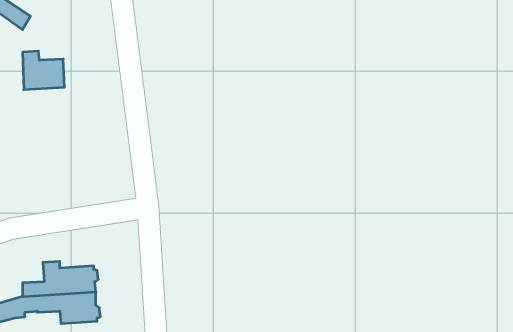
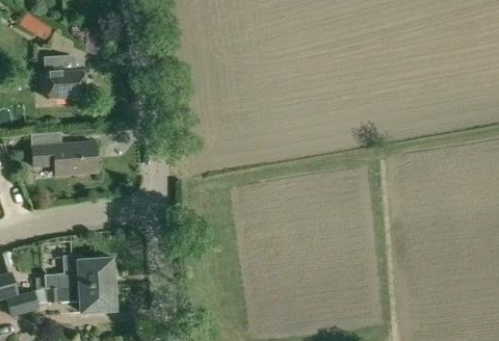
building: none -> [29,131,96,175]

